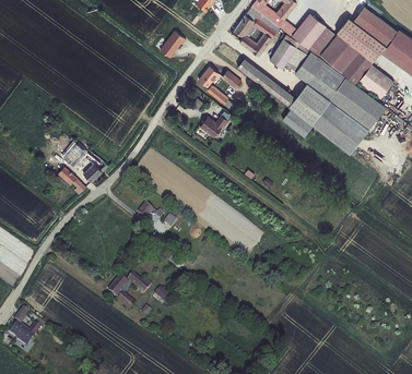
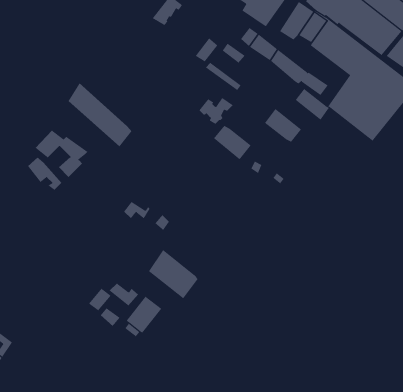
building: none -> [68,83,132,147]
building: none -> [264,108,302,142]
building: none -> [213,125,252,160]
building: none -> [148,249,198,299]

